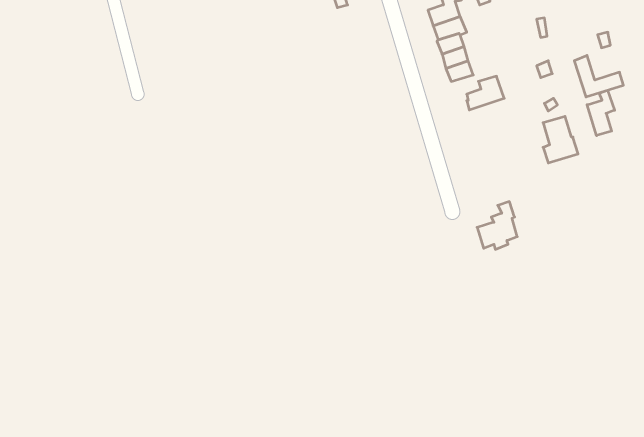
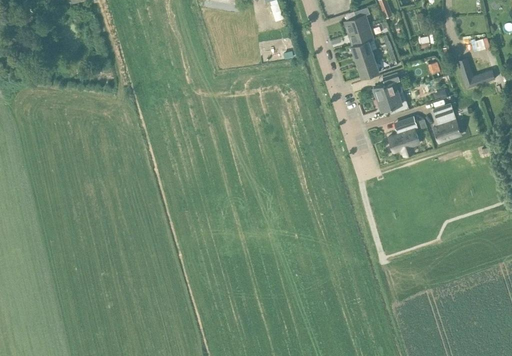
building: [587,90,615,136] -> none
building: none -> [376,90,408,113]
building: [477,202,517,249] -> [388,117,419,154]

